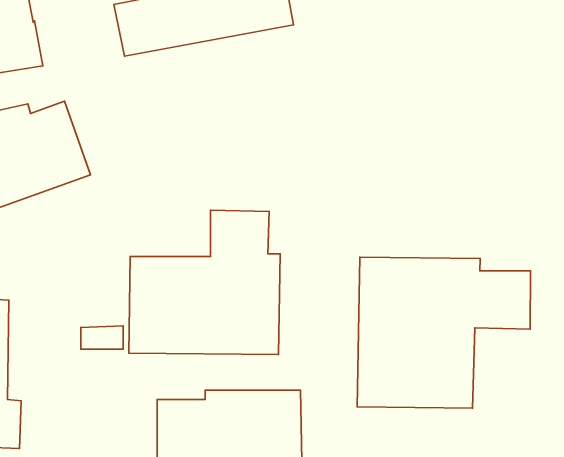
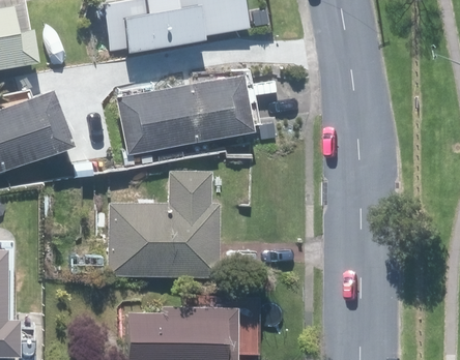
building: none -> [114,74,256,156]
building: [357,257,530,408] -> none

